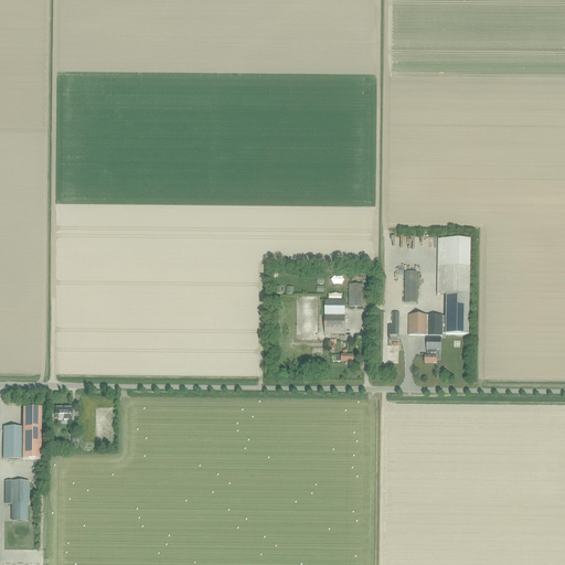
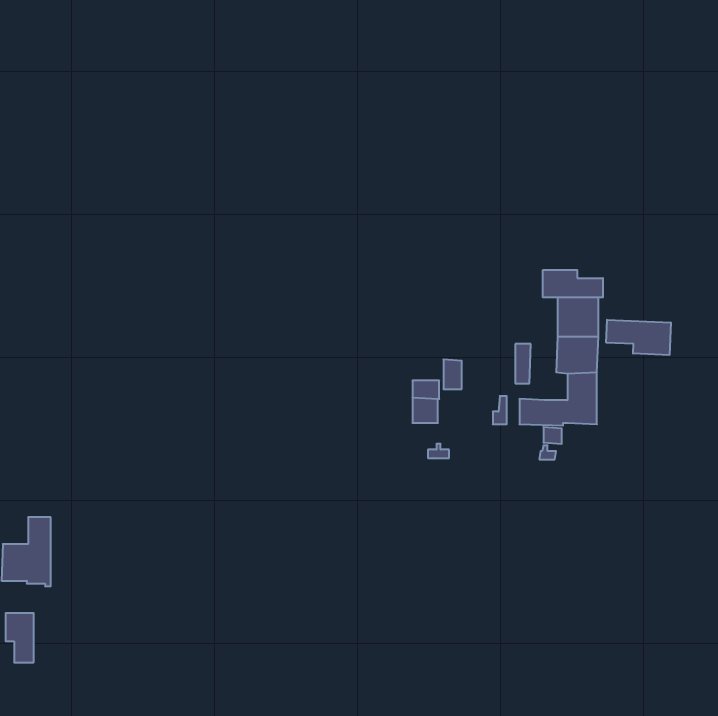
building: none -> [543,270,603,297]
building: none -> [606,320,671,355]

